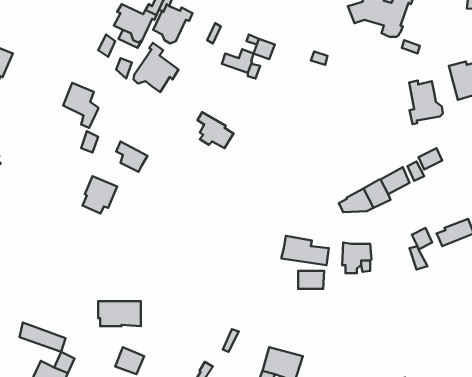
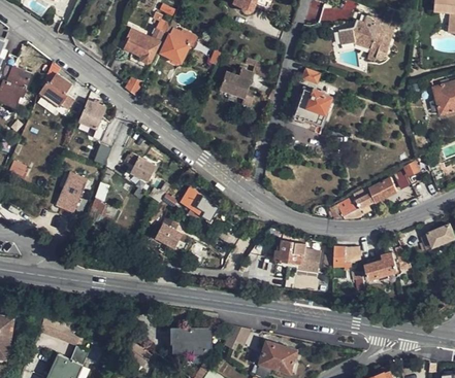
building: none -> [39,62,70,105]
building: [133,43,178,92] -> none
building: none -> [293,89,331,135]
building: [409,80,443,124] -> none
building: [198,112,234,148] -> [185,187,218,220]
building: none -> [57,171,87,208]
building: none -> [155,214,188,248]
building: none -> [362,252,396,280]
building: [98,301,141,326] -> [170,329,209,351]

